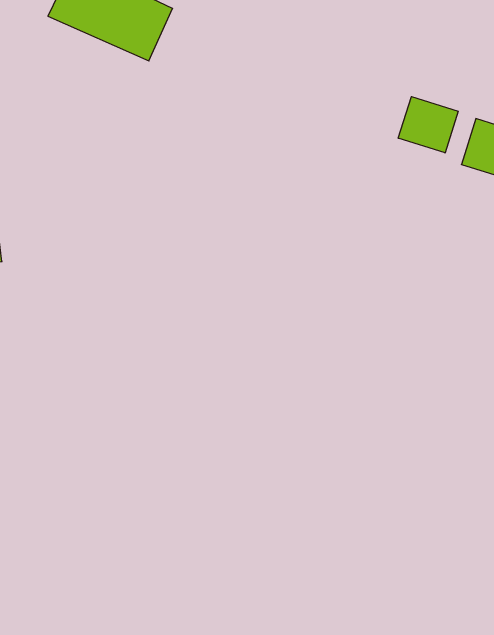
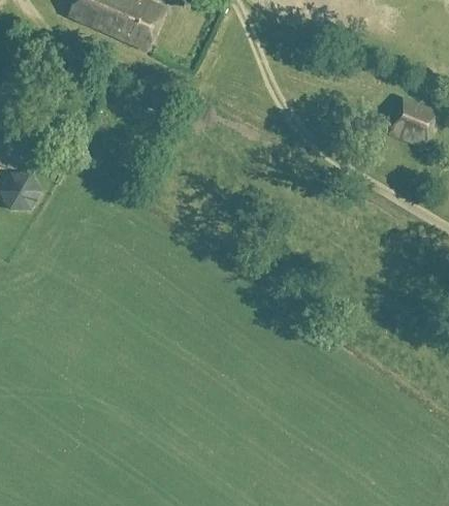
building: [398,97,458,153] -> none

